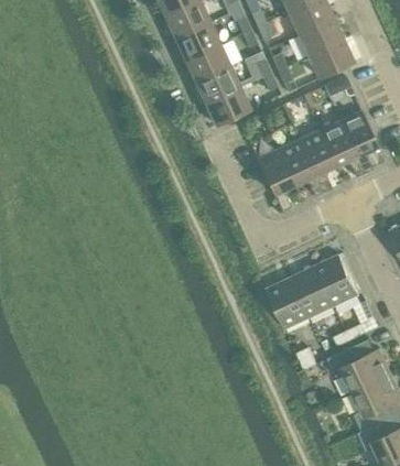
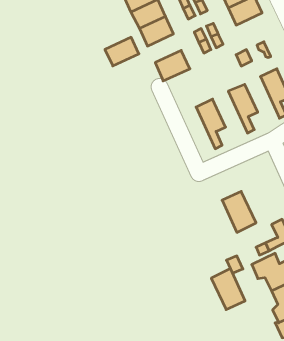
building: [309,41,353,78] -> none
building: [196,67,239,104] -> [105,37,139,66]
building: [320,121,364,178] -> none
building: [279,140,323,197] -> none
building: [315,256,358,306] -> none
building: [267,278,310,329] -> [211,269,245,310]

